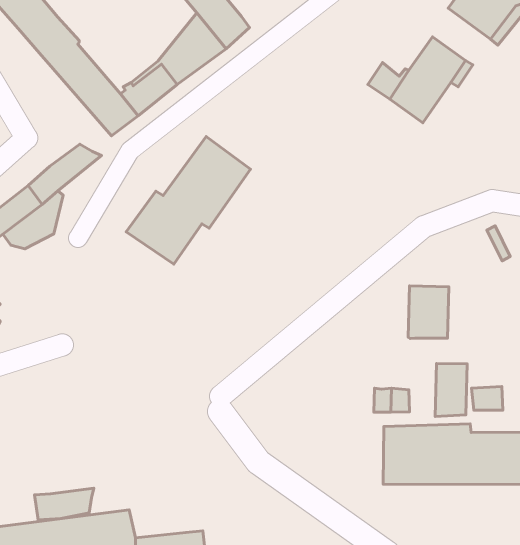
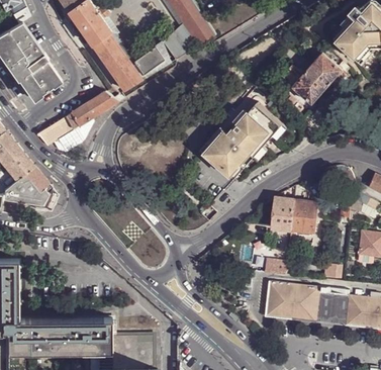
building: [126,137,250,264] -> [204,102,282,176]
building: [435,364,467,416] -> [271,197,293,229]
building: [34,488,94,520] -> none

